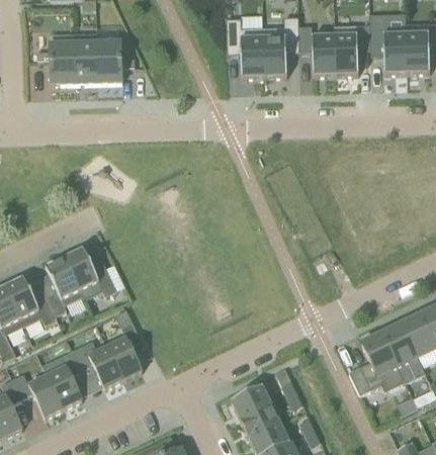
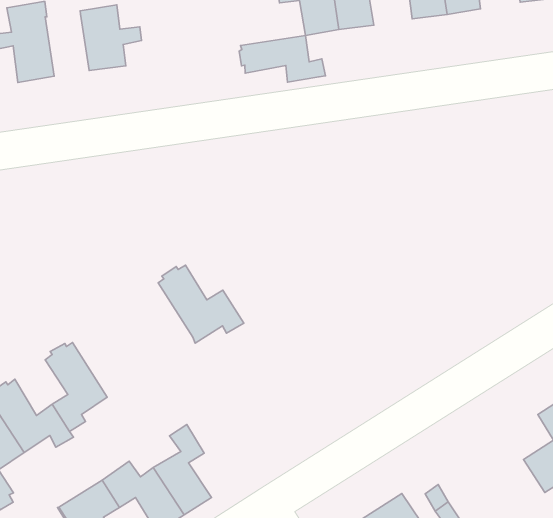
building: [74,42,98,83] -> none
building: none -> [239,35,326,82]
building: [65,249,117,300] -> [158,265,244,343]

